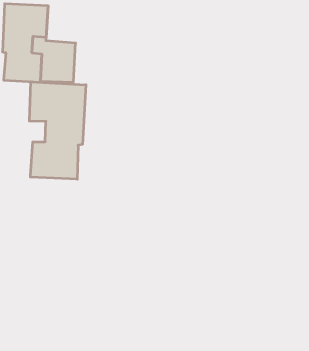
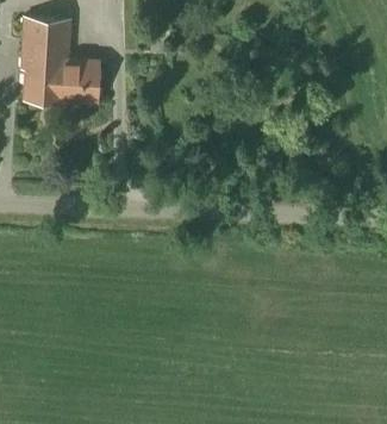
building: [29,82,86,179] -> none

